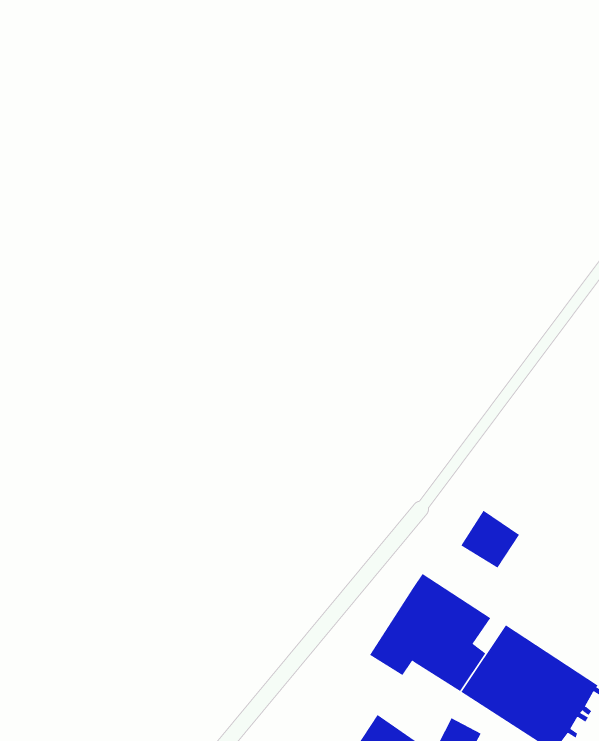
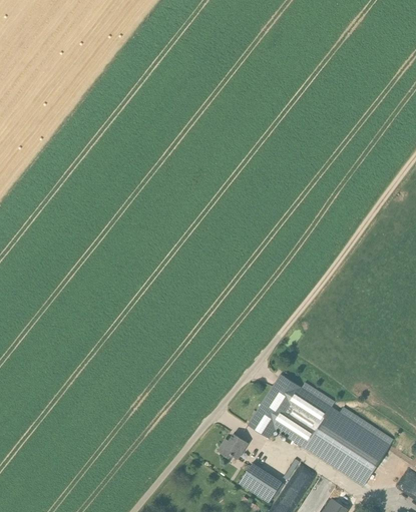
building: [460,510,520,568] -> none
building: none -> [218,433,249,459]

